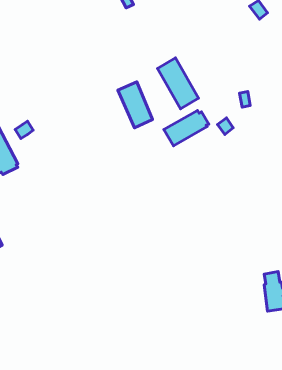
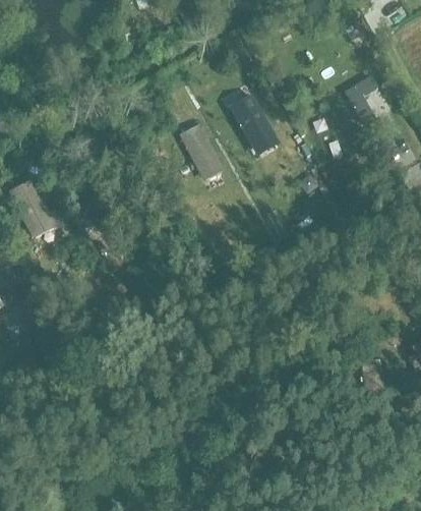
building: none -> [345,75,377,121]
building: [164,110,209,146] -> none

